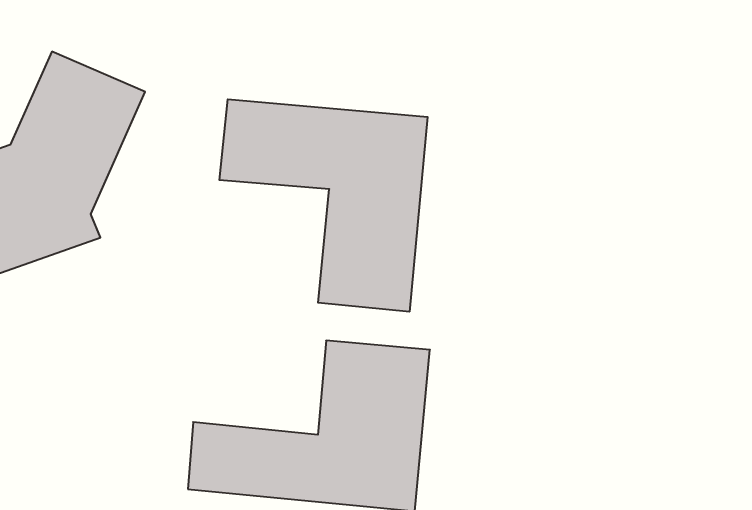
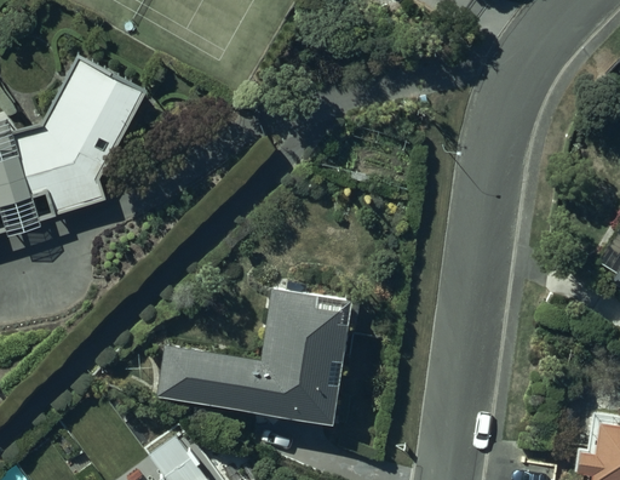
building: [219,99,428,312] -> none

